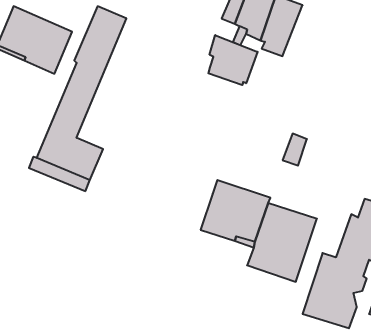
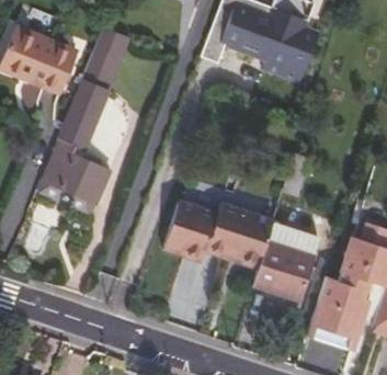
building: [208,35,258,85] -> none
building: none -> [163,200,217,260]

